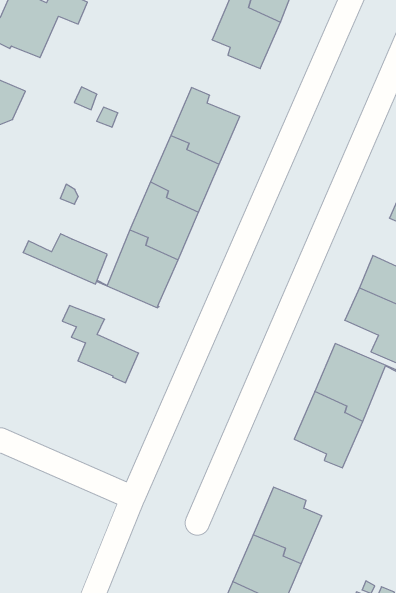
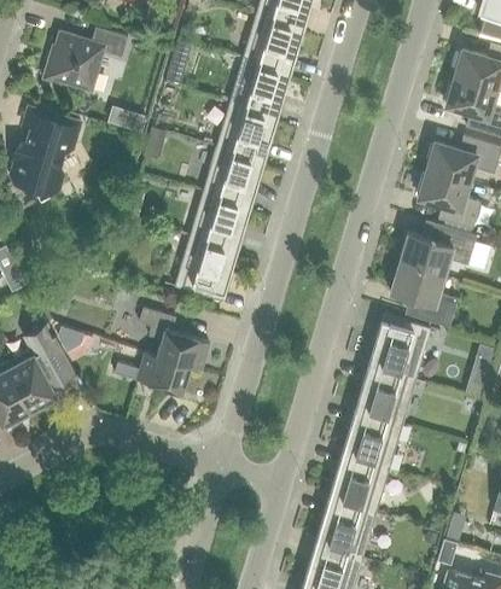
building: none -> [228,57,287,122]
building: [23,234,107,284] -> [113,352,188,393]
building: none -> [343,403,402,468]

